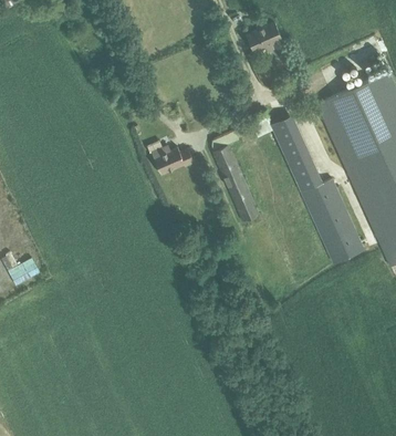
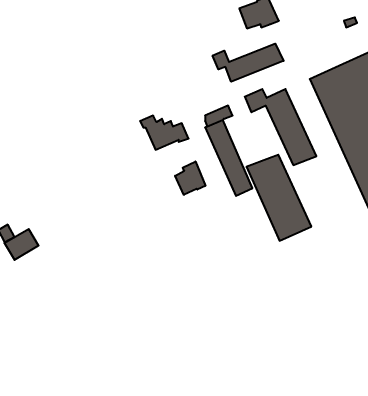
building: none -> [213,44,284,82]
building: [300,179,365,266] -> [246,155,311,241]
building: none -> [175,161,205,195]

